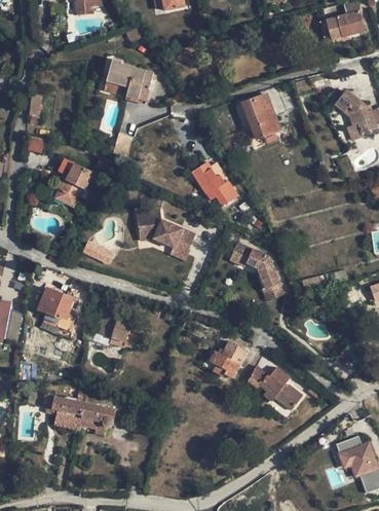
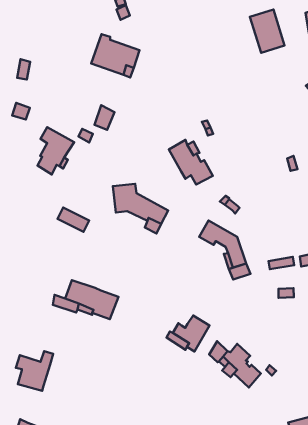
building: [242,94,280,139] -> [250,10,285,53]
building: [39,287,76,331] -> none
building: [81,402,116,435] -> none

